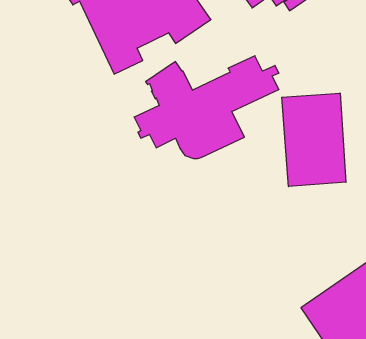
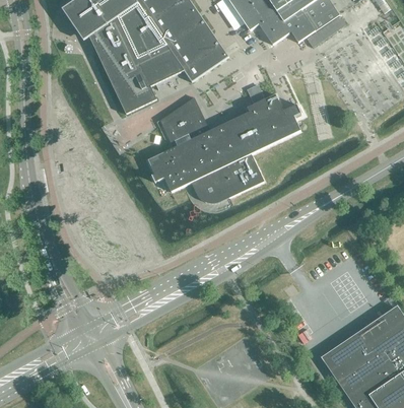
building: [282,93,346,187] -> none

